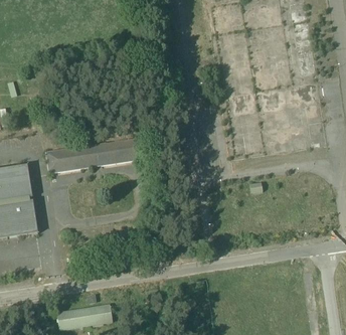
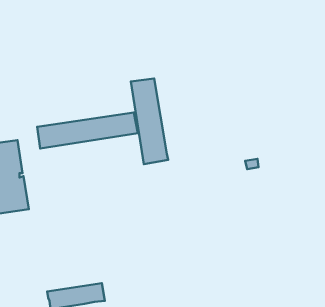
building: none -> [131,79,168,164]

